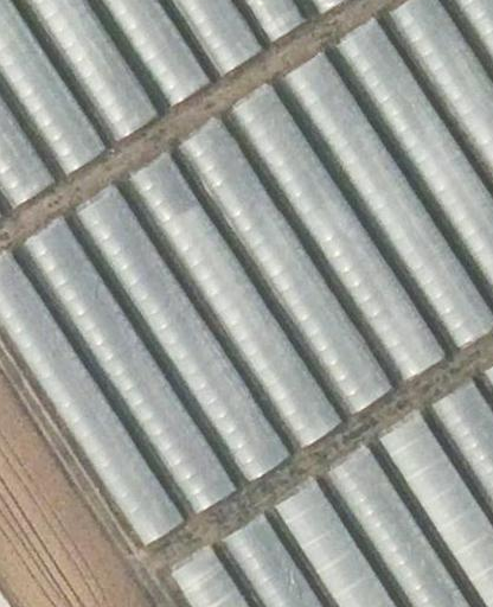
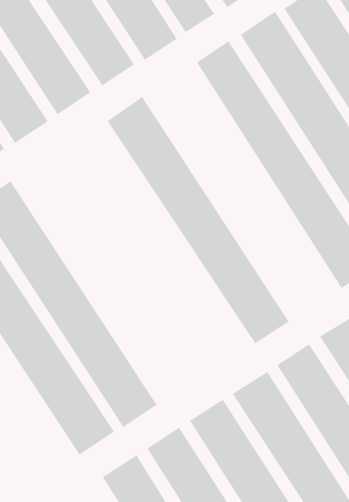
building: [231,84,448,379] -> none
building: [128,152,345,447] -> none
building: [75,186,293,481] -> none

